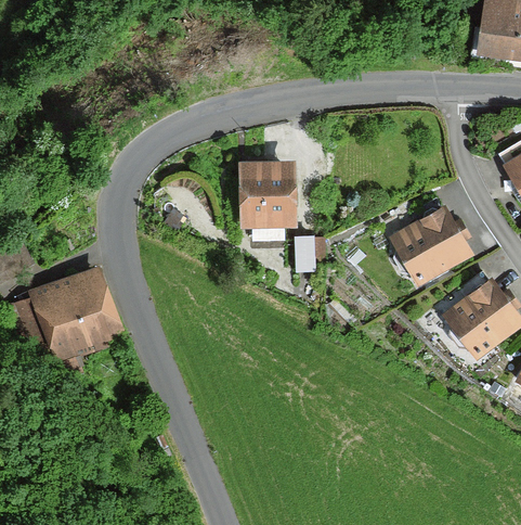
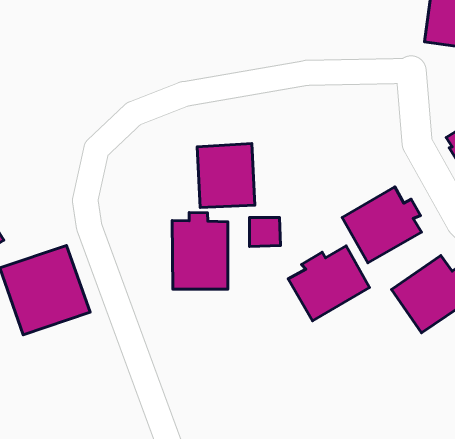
building: none -> [172,212,228,289]
building: none -> [288,246,370,321]

